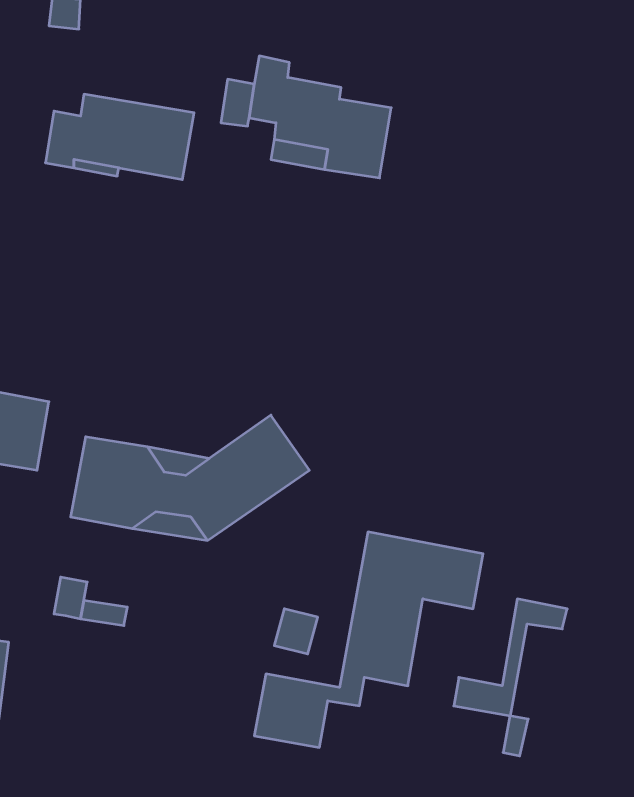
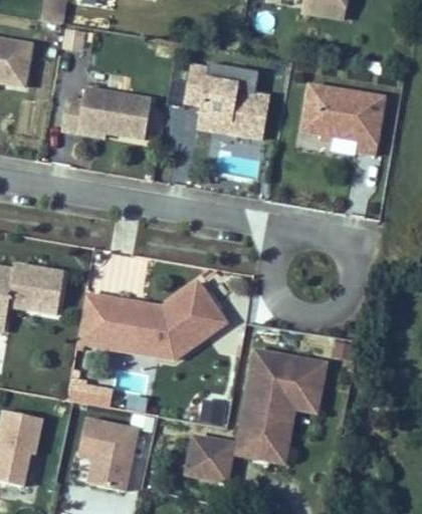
building: none -> [303,84,386,153]
building: [454,599,567,716] -> [252,391,321,461]
building: none -> [79,420,139,492]

